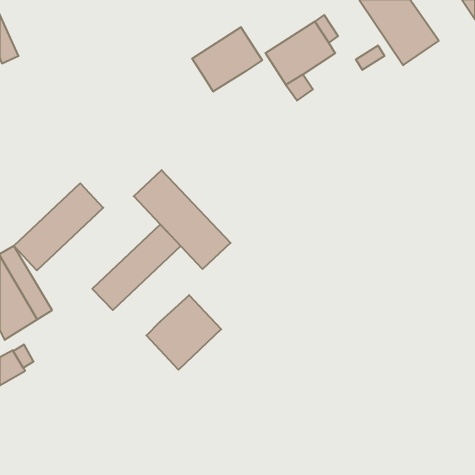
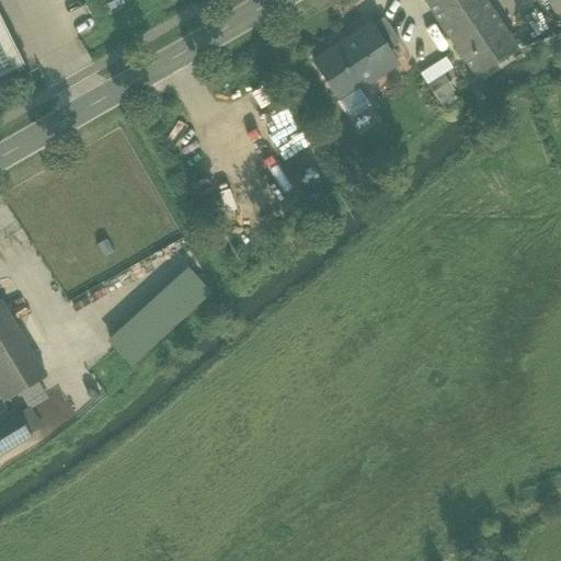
building: [192,27,262,92] -> none
building: [134,170,231,269] -> none
building: [14,183,103,270] -> none
building: [146,295,221,370] -> none

